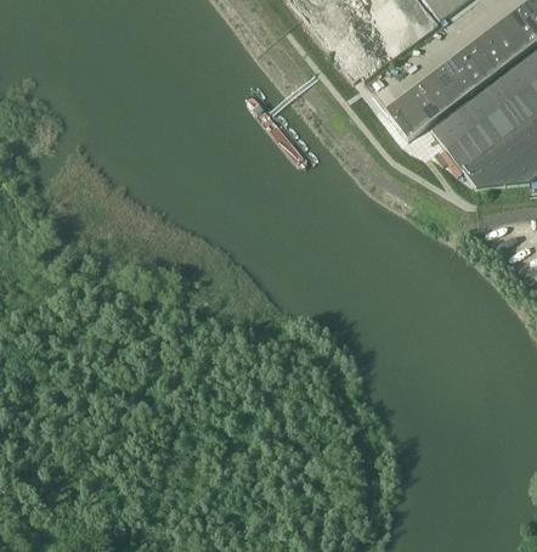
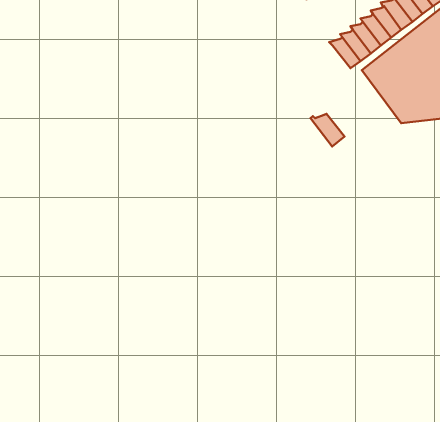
building: [385,102,422,137] -> [311,114,344,146]

